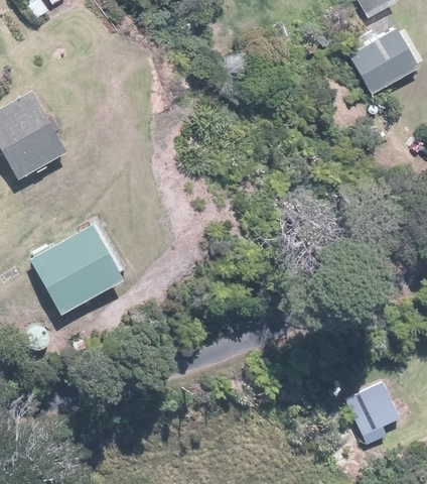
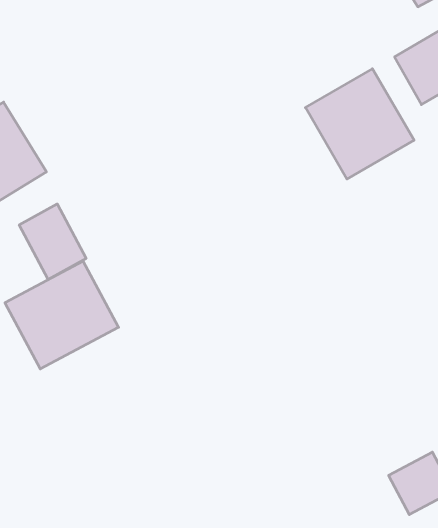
building: none -> [305,69,414,179]
building: none -> [19,204,86,279]

